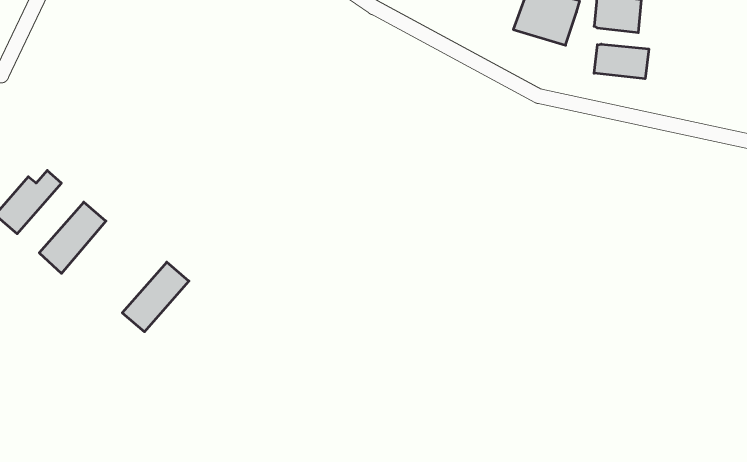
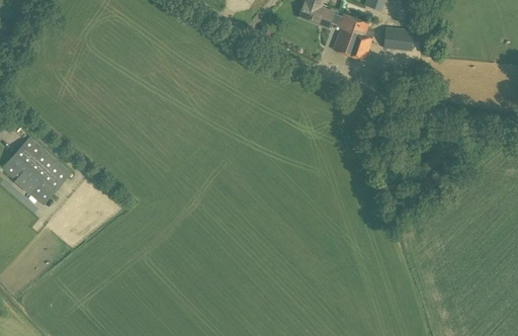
building: [594,44,649,79] -> none
building: [122,262,189,332] -> [14,148,57,192]

